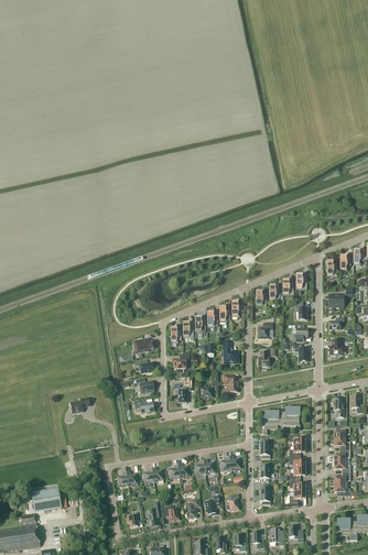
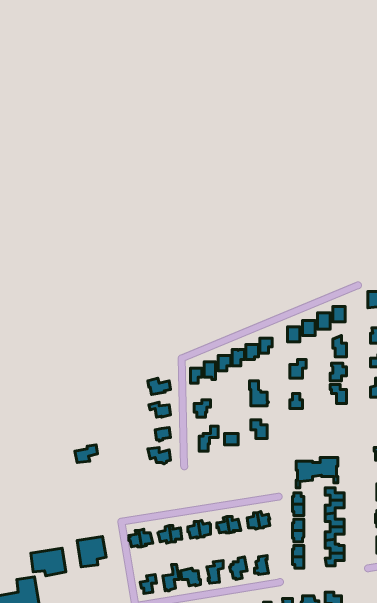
building: none -> [77,536,106,567]

